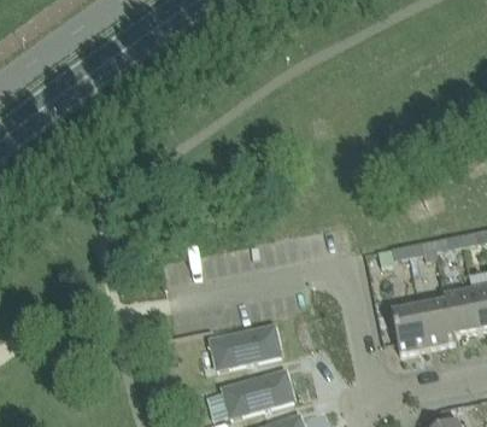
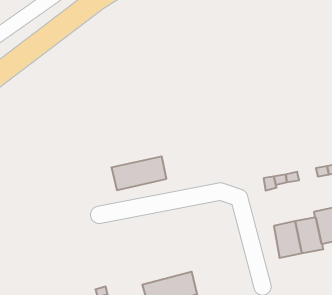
building: [210,324,281,368] -> [111,156,166,190]

